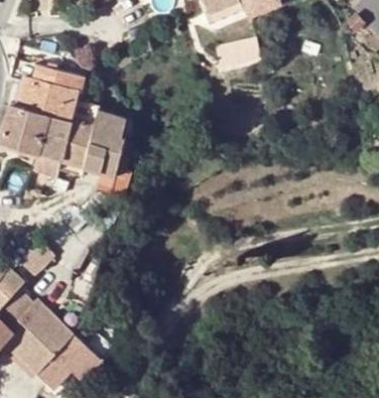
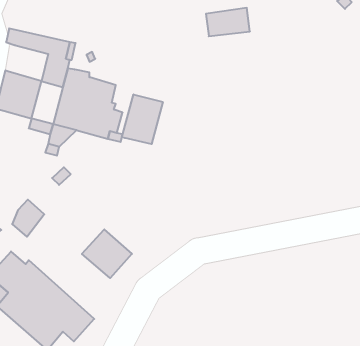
building: [14,77,55,114] -> none
building: none -> [122,94,163,144]
building: none -> [82,229,132,278]

